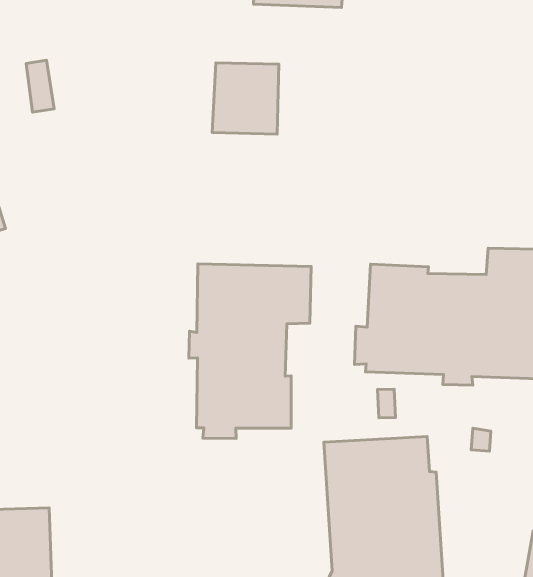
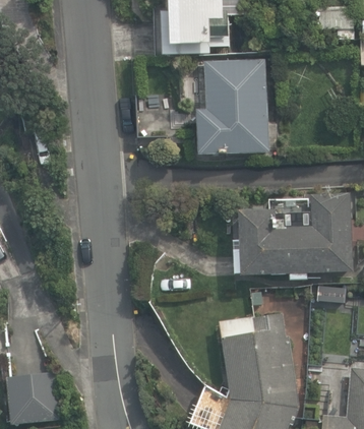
building: none -> [196,58,269,155]
building: [189,264,311,439] -> none

